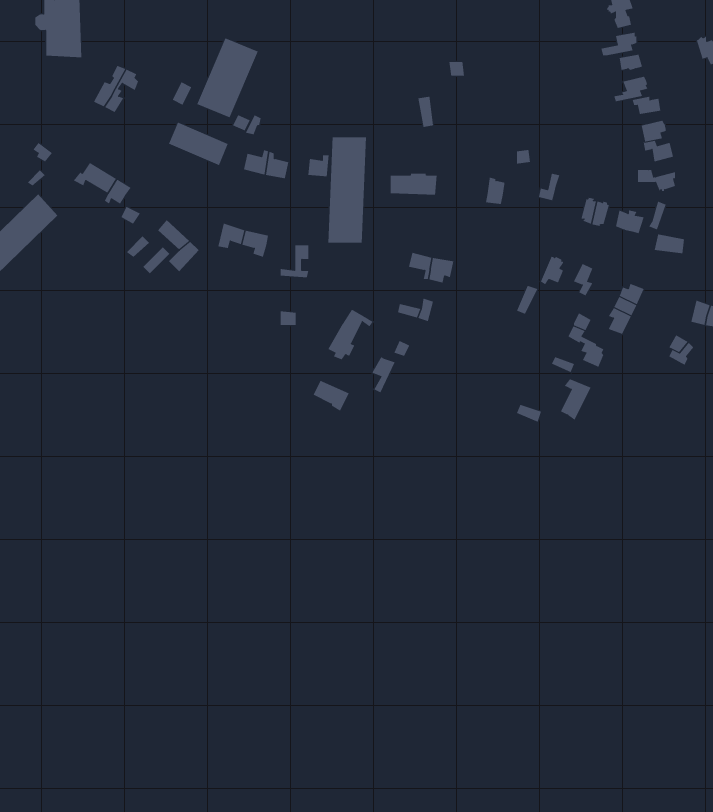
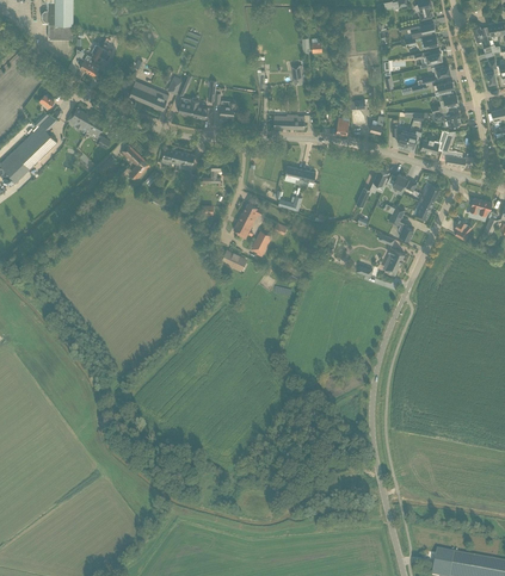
building: [196,38,259,118] -> none
building: [328,136,366,244] -> none

